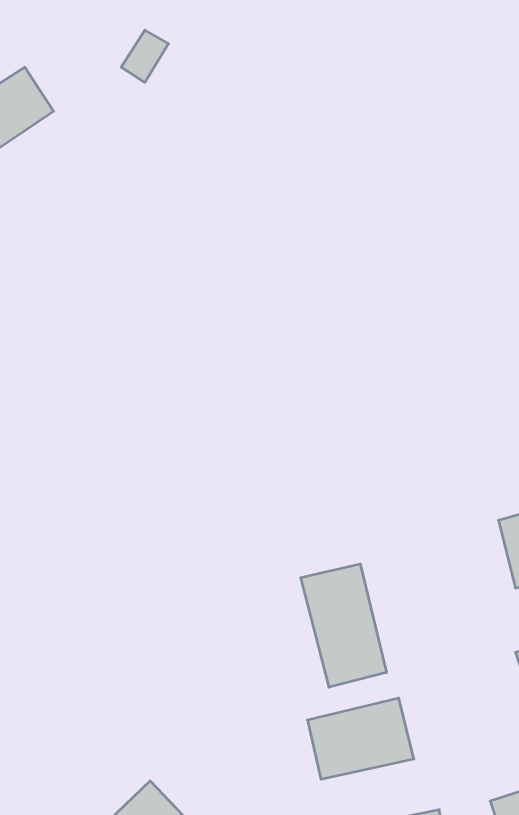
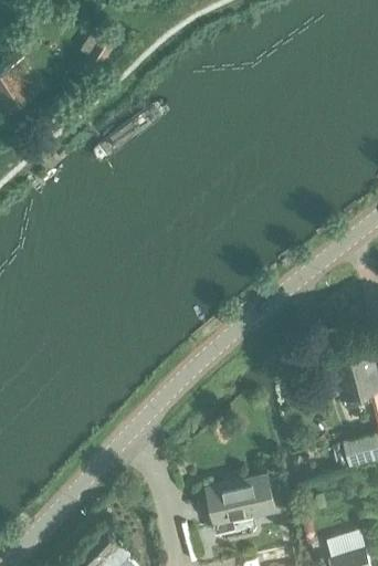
building: [301,564,386,687] -> none

